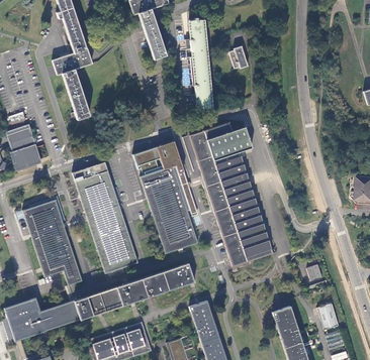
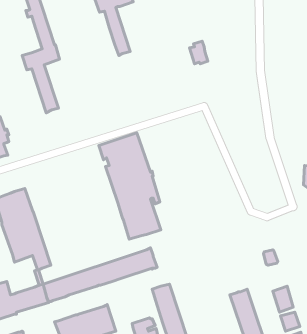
building: [188,14,213,110] -> none
building: [190,121,274,266] -> none
building: [73,161,138,273] -> none

